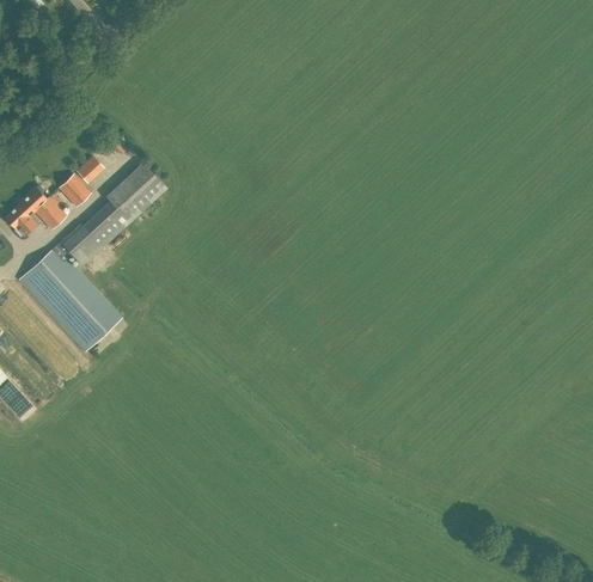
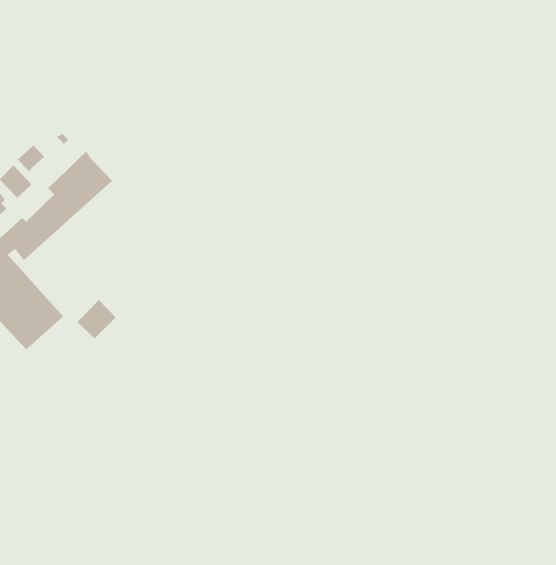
building: none -> [77,299,117,339]

